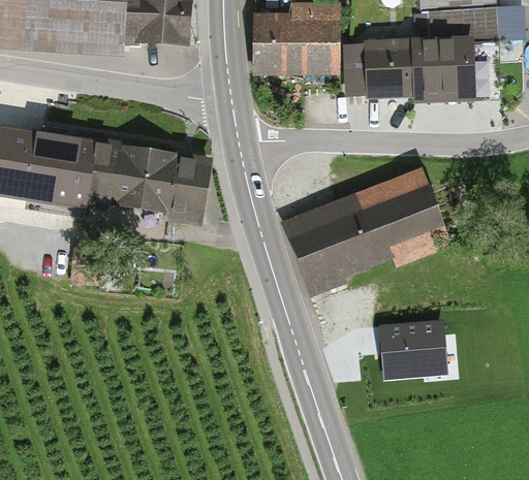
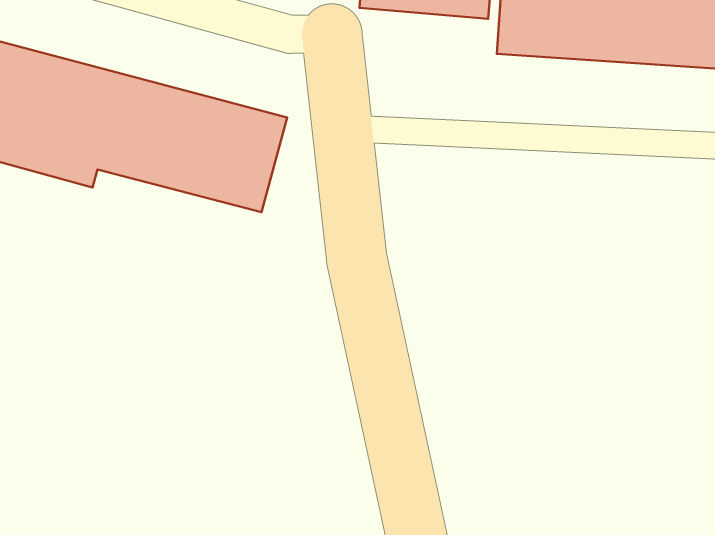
building: [283,168,445,287] -> none
building: [383,318,440,378] -> none

